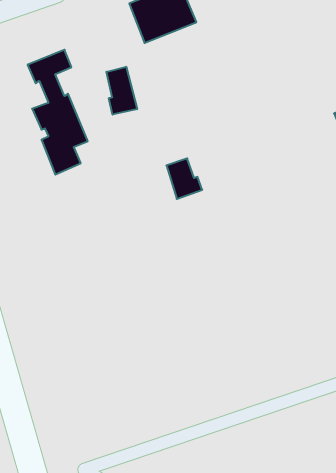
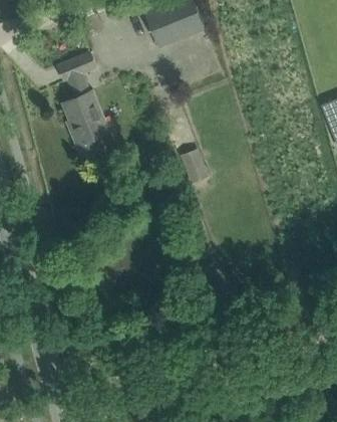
building: [106,67,137,115] -> none

